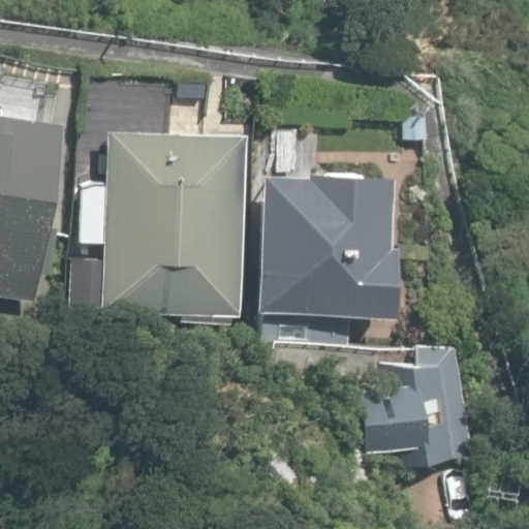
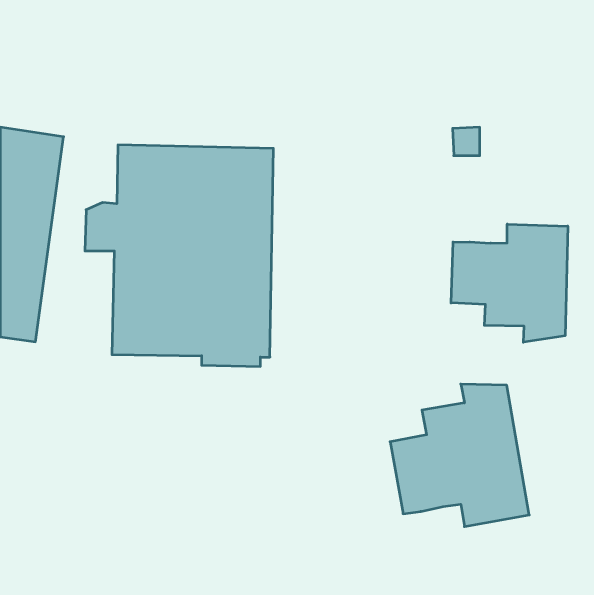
building: [258,175,394,317] -> none
building: none -> [451,224,568,342]

